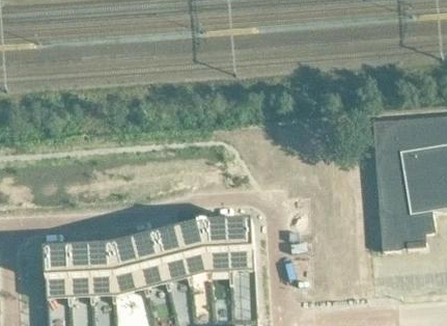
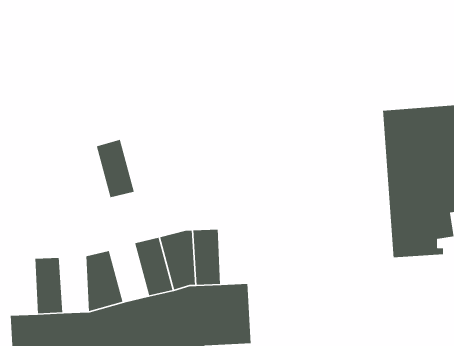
building: [229,220,255,271] -> none
building: [134,235,168,287] -> [96,139,135,198]
building: [90,246,115,296] -> none
building: [45,248,71,298] -> none

